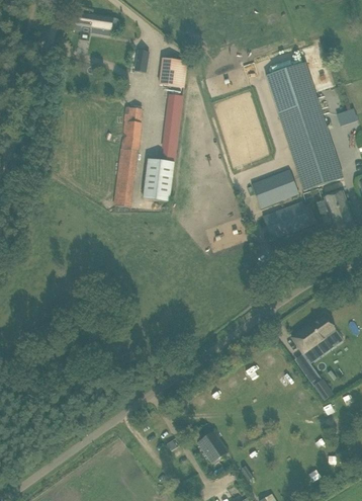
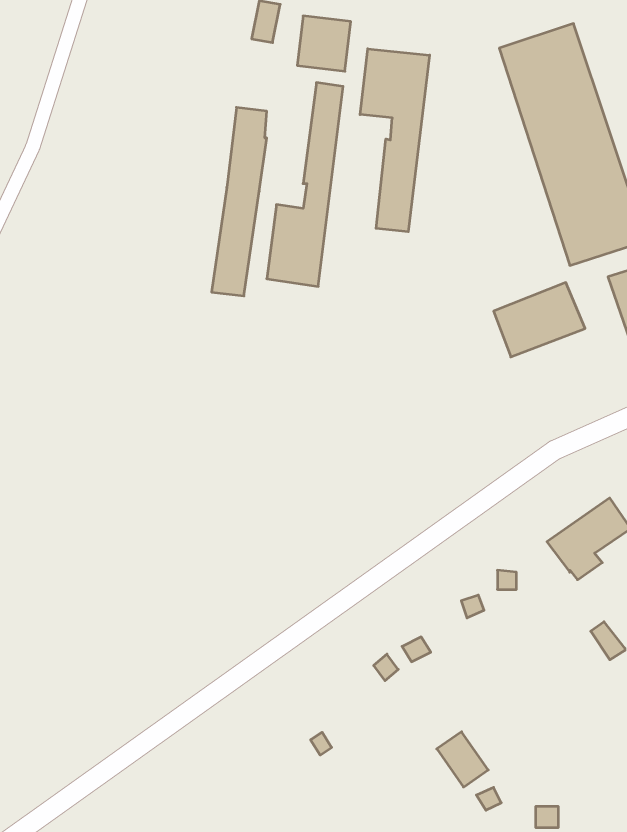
building: none -> [360,49,430,232]
building: [252,168,298,207] -> none
building: [198,433,225,463] -> [437,732,488,787]

